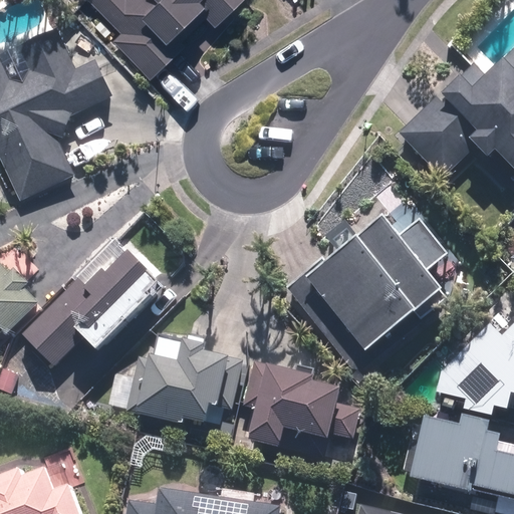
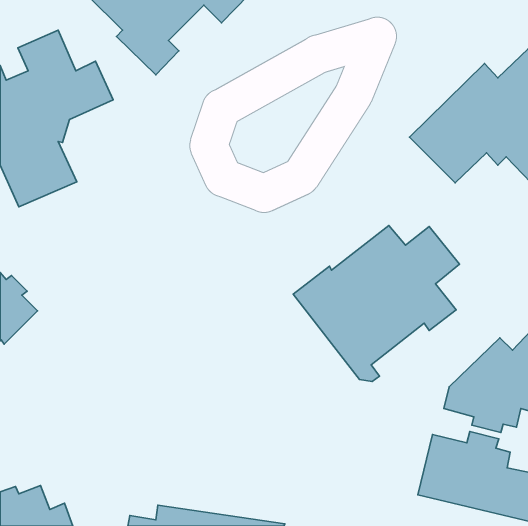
building: [22,252,160,364] -> none
building: [109,332,244,424] -> none
building: [243,361,360,456] -> none

